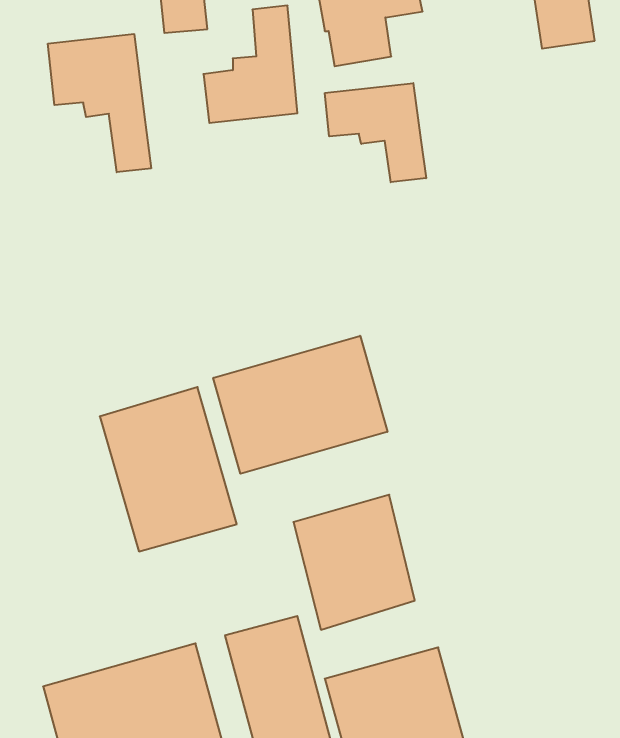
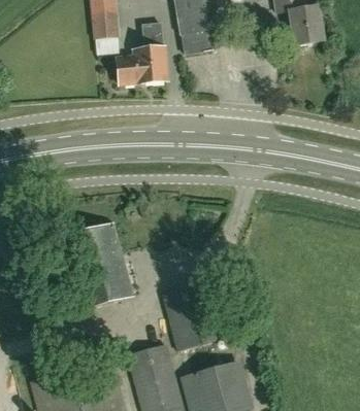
building: [48,34,151,172] -> none
building: [325,83,426,182] -> none
building: [213,336,387,474] -> none

